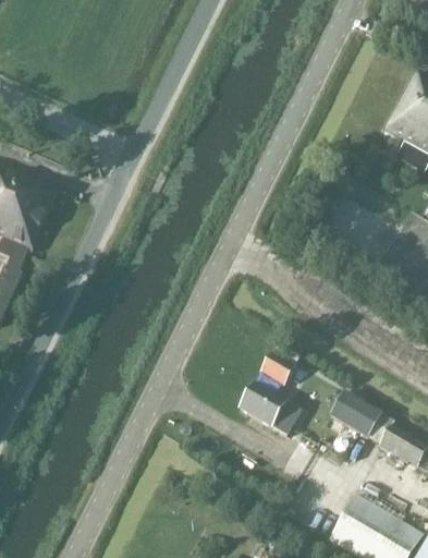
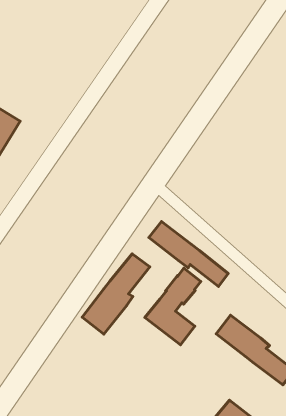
building: none -> [149,221,228,287]
building: none -> [82,254,150,334]

